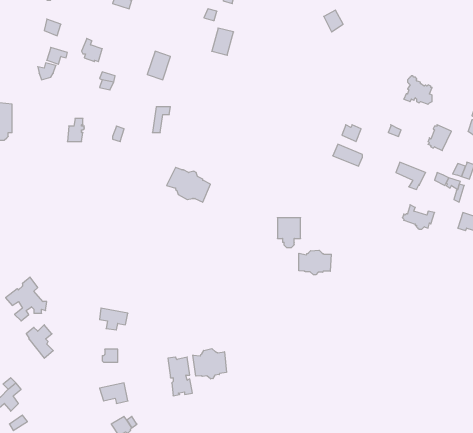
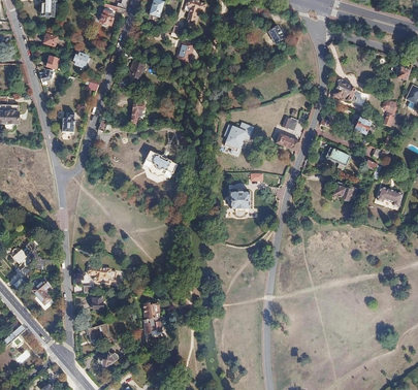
building: none -> [219,121,253,157]
building: [299,250,331,275] -> none
building: [193,349,226,379] -> none

